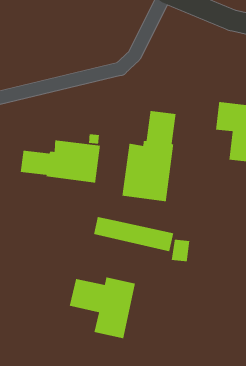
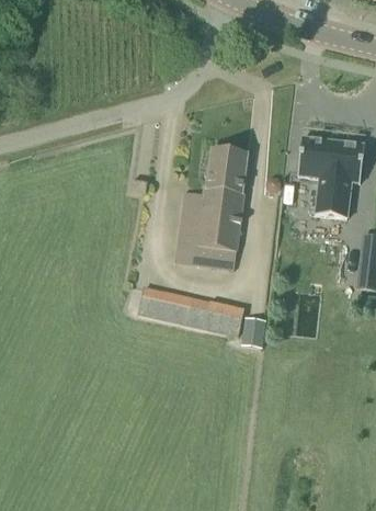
building: [20,140,101,183] -> none
building: [69,276,136,339] -> none

